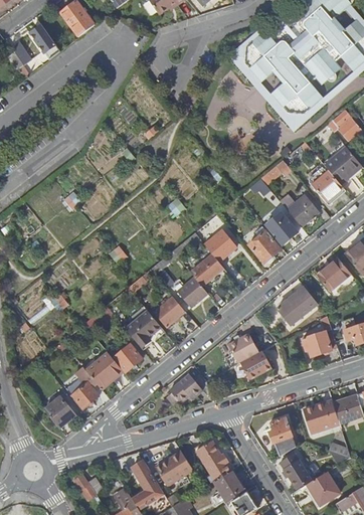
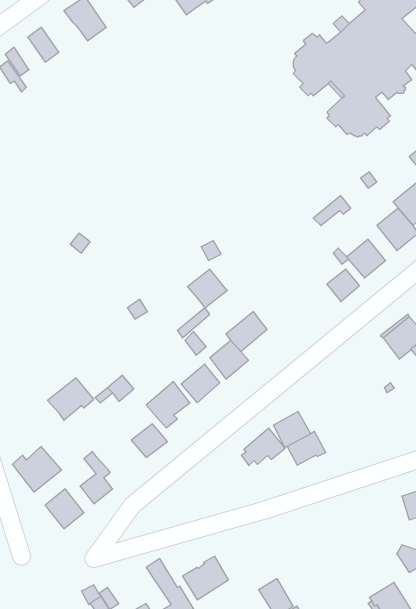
building: [249,226,281,263] -> none
building: [204,230,236,262] -> [187,269,227,308]
building: [277,287,318,326] -> none
building: [303,330,337,356] -> none
building: [85,352,123,386] -> [48,378,94,420]
building: none -> [12,447,62,492]
building: [167,374,202,404] -> [241,428,285,466]
building: [304,400,339,433] -> none
building: [268,417,296,456] -> none
building: [196,441,229,474] -> none
building: [280,453,311,488] -> none

